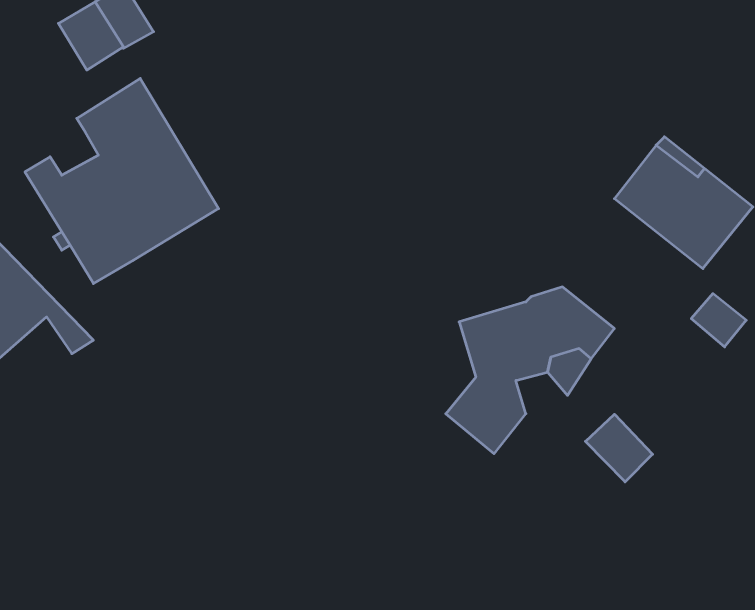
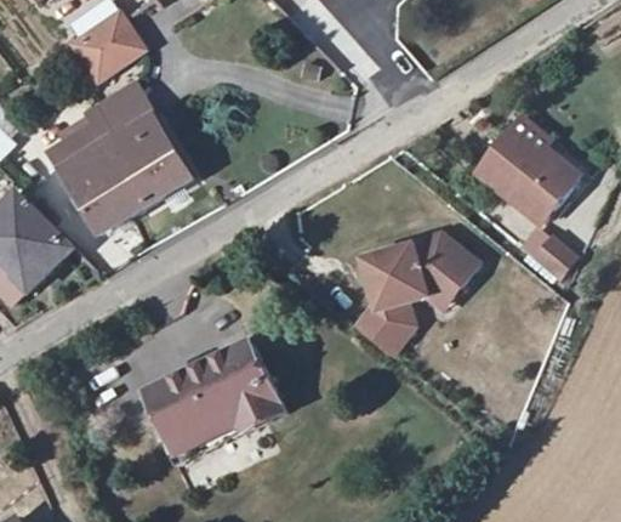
building: [585,414,653,482] -> none
building: none -> [144,331,289,463]

